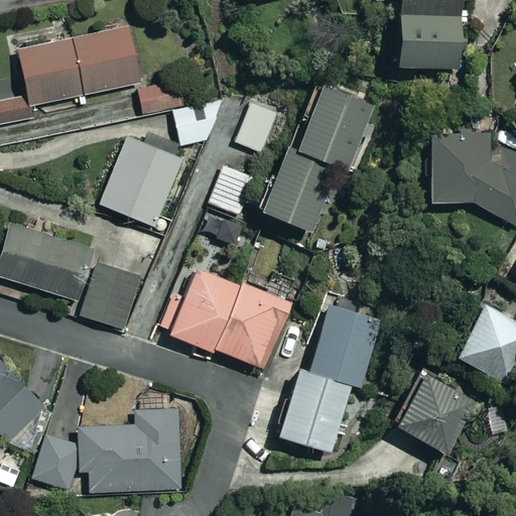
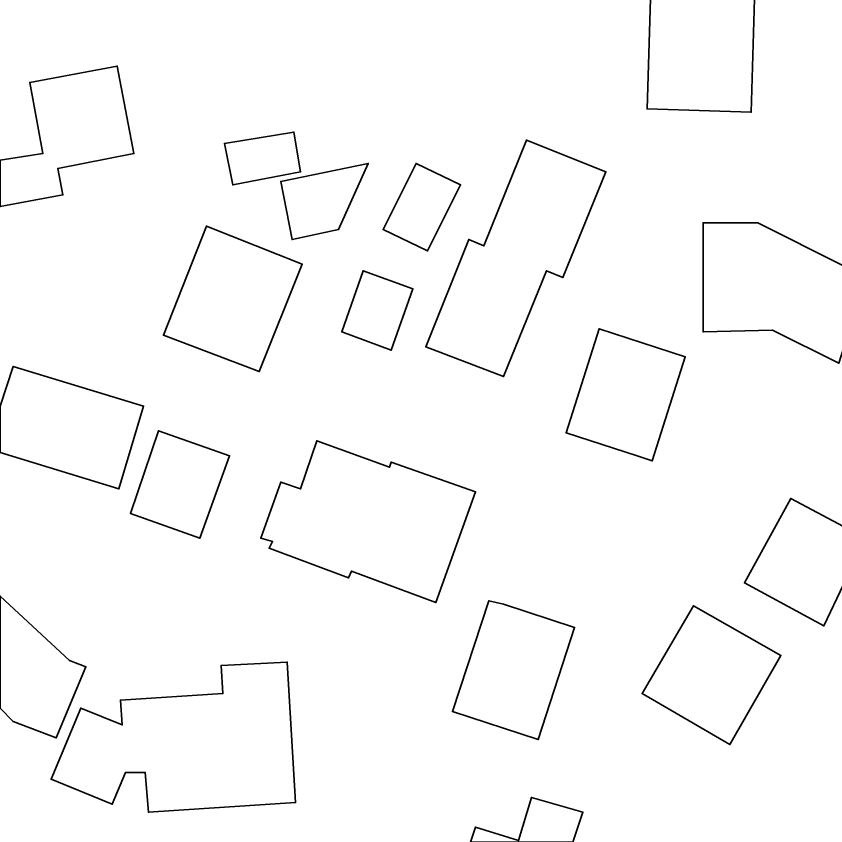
building: [73,29,138,94] -> none
building: [308,305,381,386] -> [566,329,685,461]

